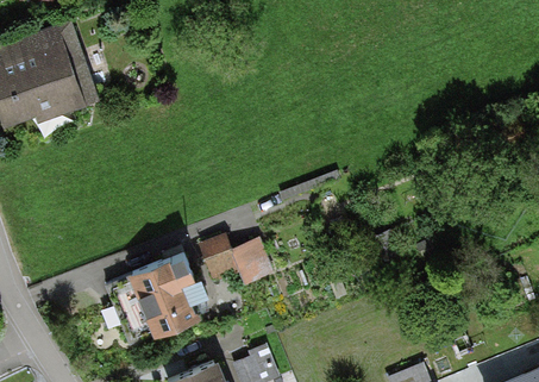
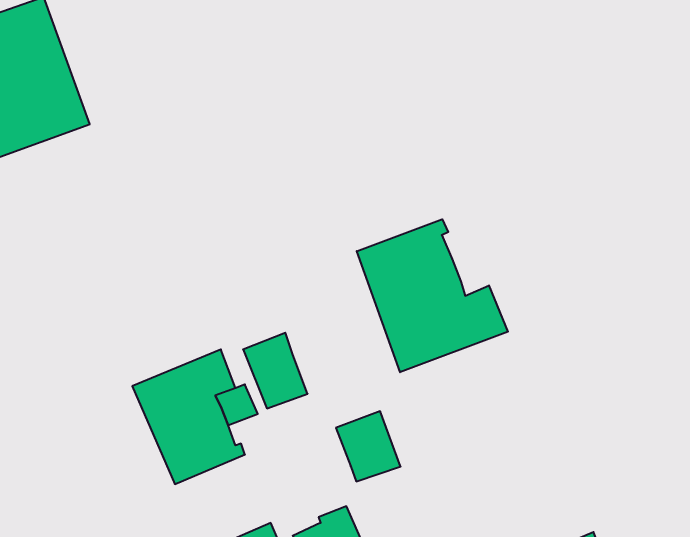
building: none -> [357,219,508,372]
building: [230,240,271,286] -> [336,411,401,481]

